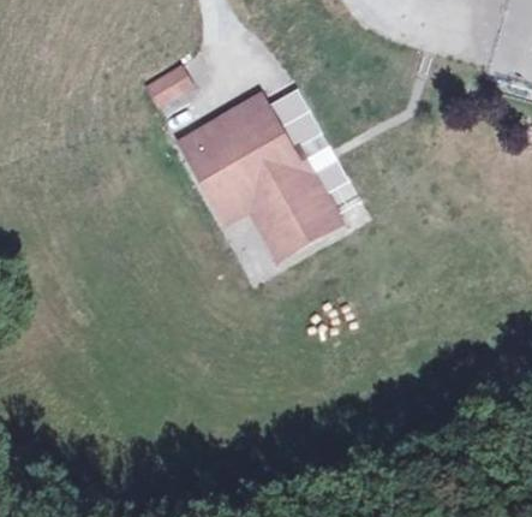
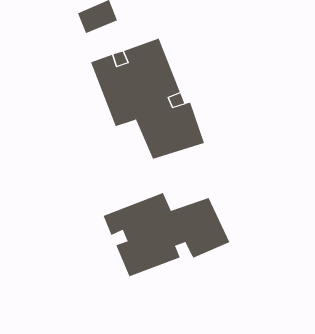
building: none -> [103,192,230,277]

